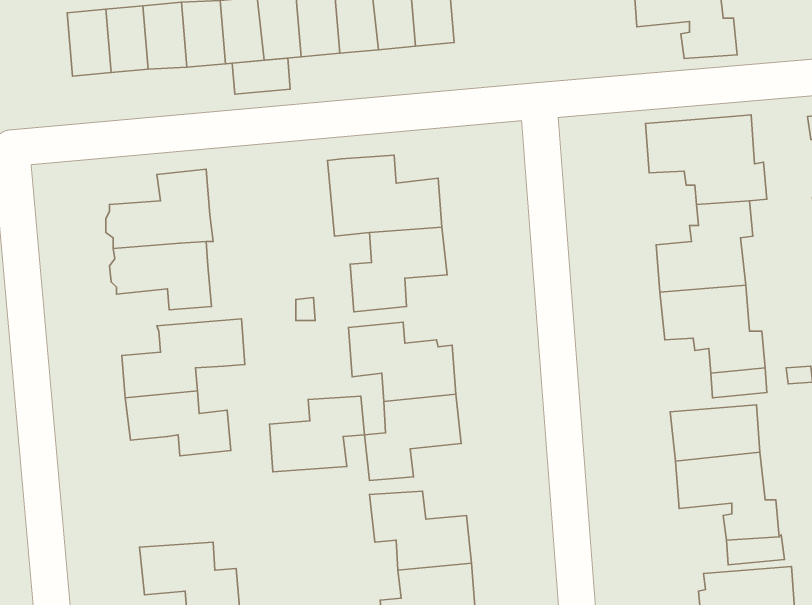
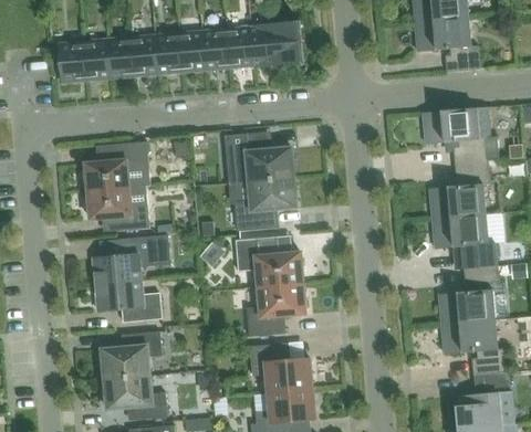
building: [232,58,290,94] -> none
building: [269,396,364,472] -> [101,331,160,379]

